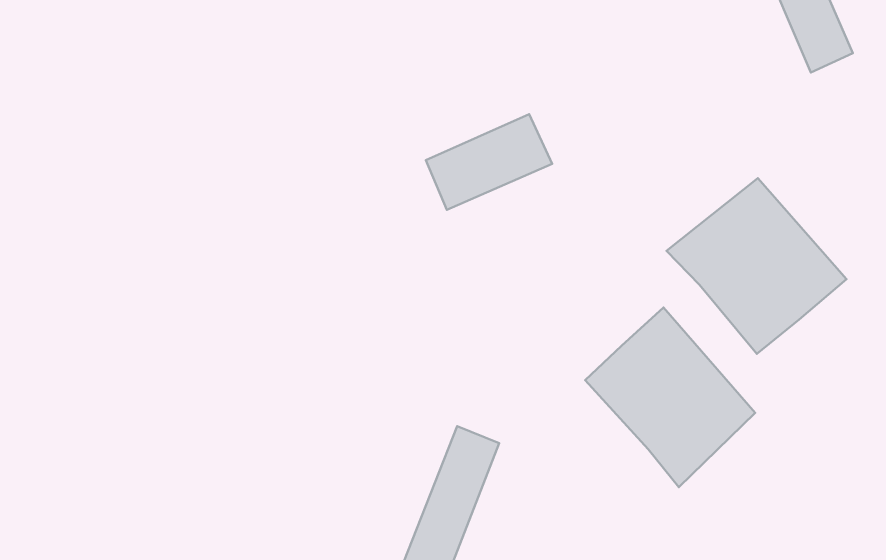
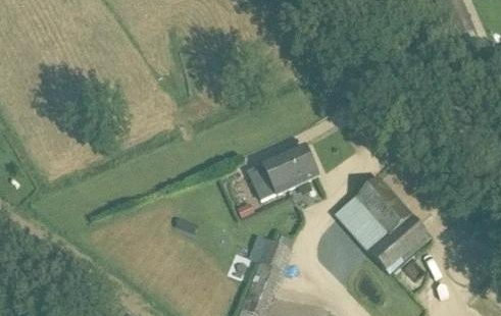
building: [426,114,552,210] -> [248,145,315,196]
building: [667,178,846,354] -> none

